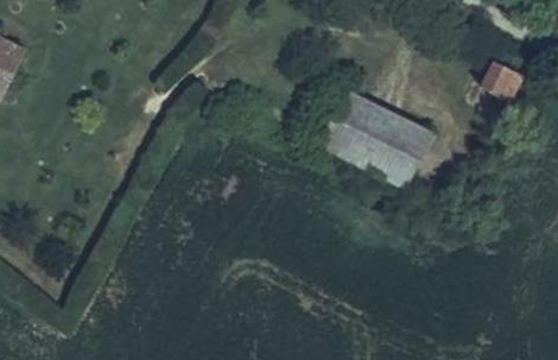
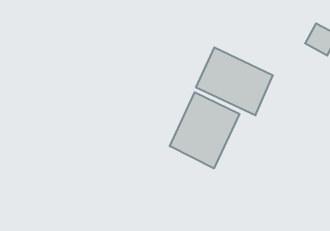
building: none -> [170,92,240,168]

